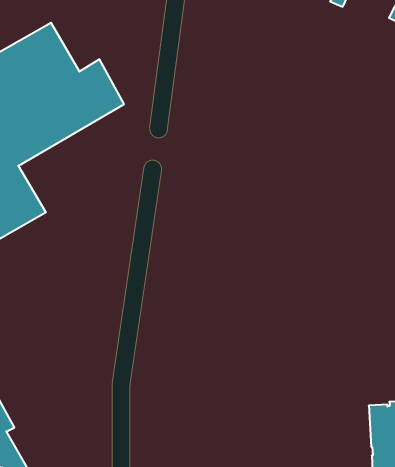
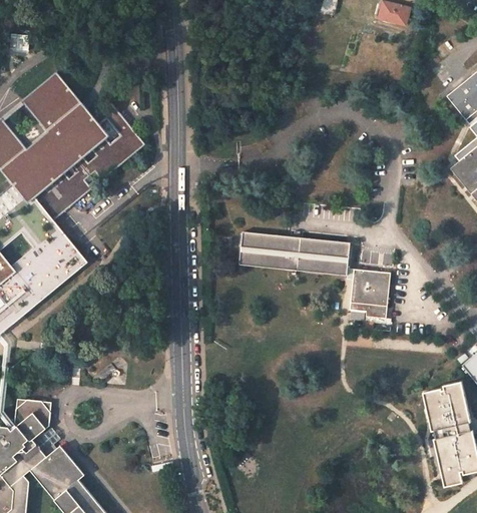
building: none -> [242,235,351,273]
building: none -> [351,270,393,325]

